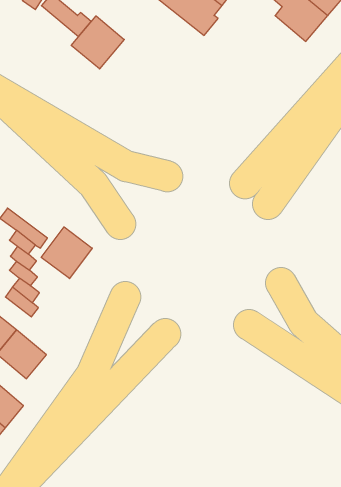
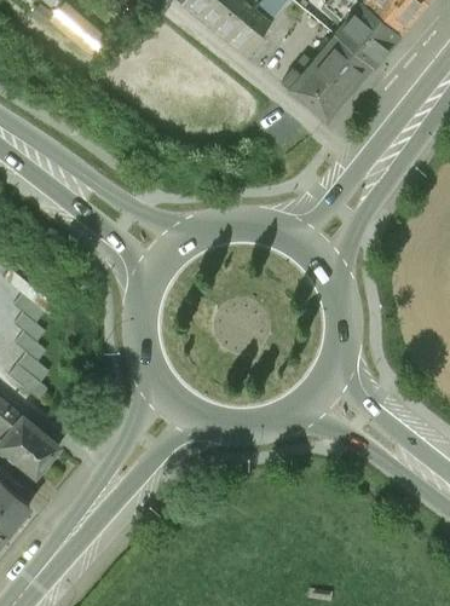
building: none -> [283,34,373,120]
building: [71,16,124,69] -> none
building: [41,227,92,279] -> none

